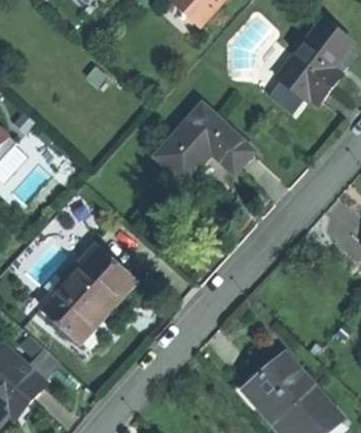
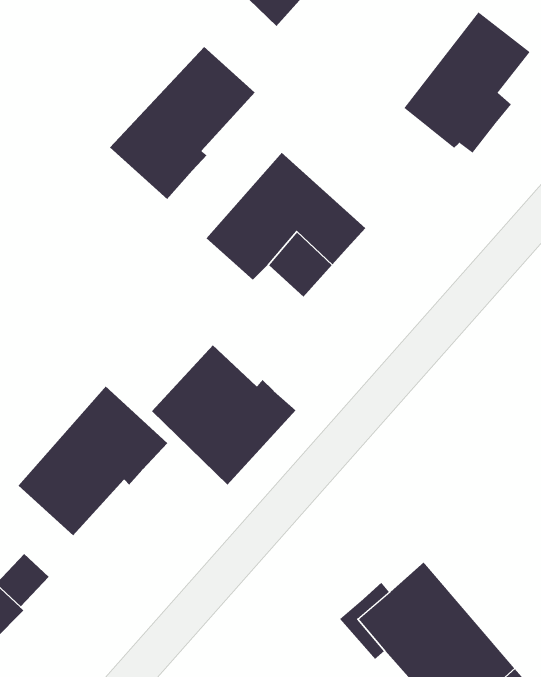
building: none -> [109,46,255,200]
building: none -> [151,345,296,485]

